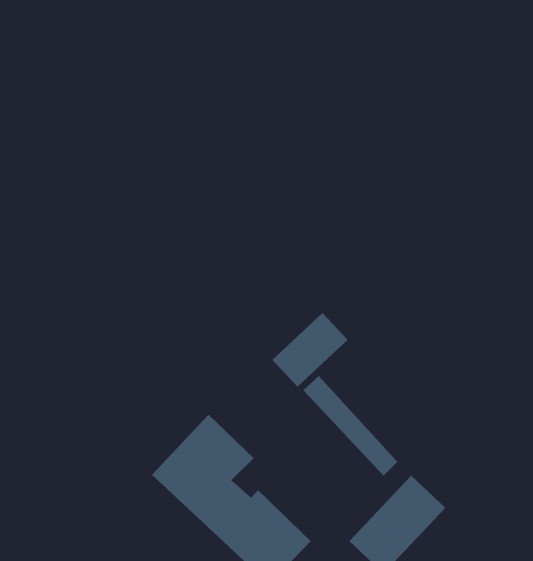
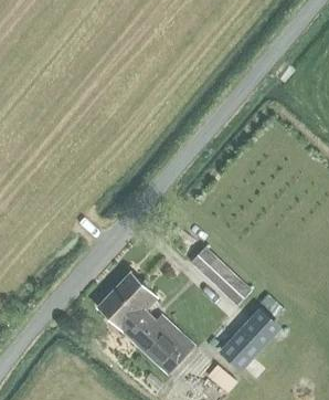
building: [271,312,348,388] -> none

